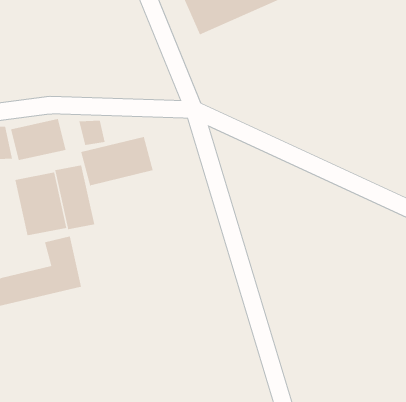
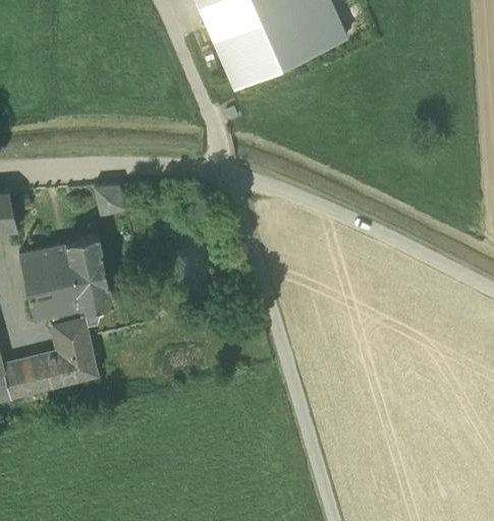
building: [11,118,66,161] -> none
building: [80,136,154,187] -> none

